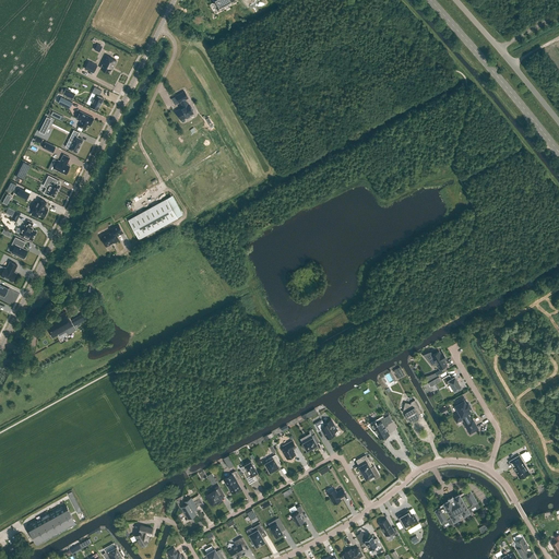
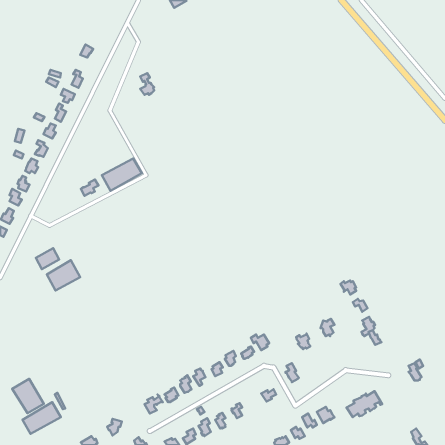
building: none -> [47,260,80,291]
building: none -> [12,379,44,413]

